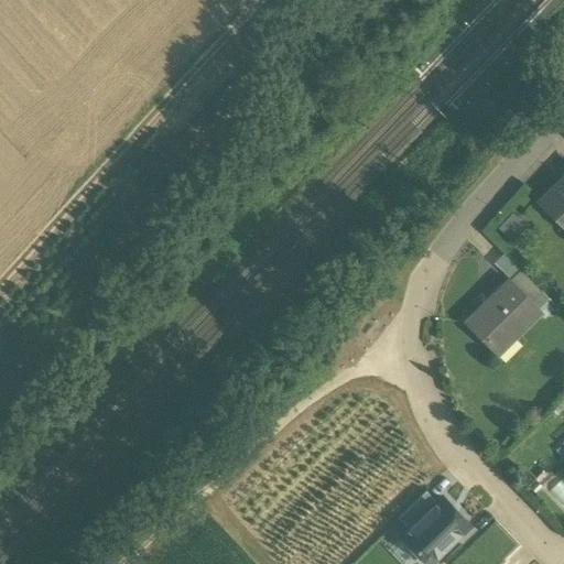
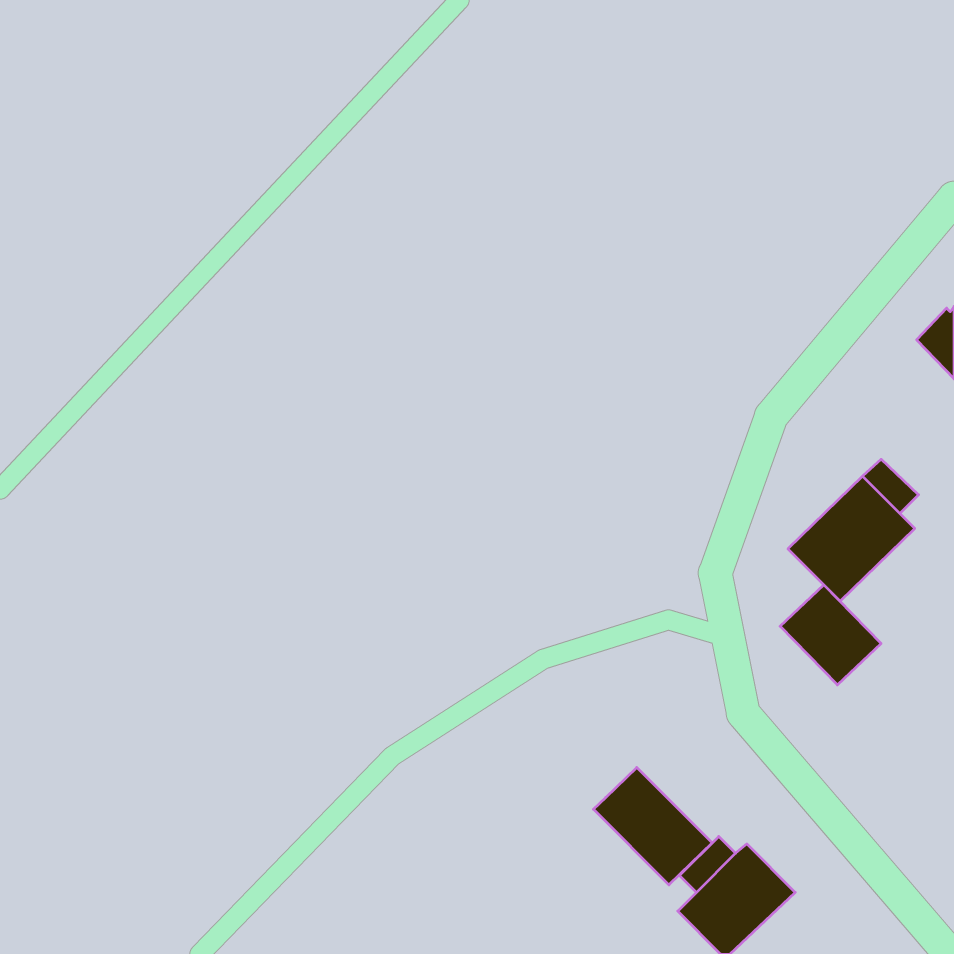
building: none -> [780,585,881,685]
building: none -> [593,767,712,885]

